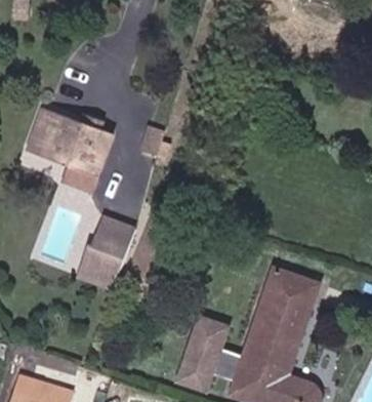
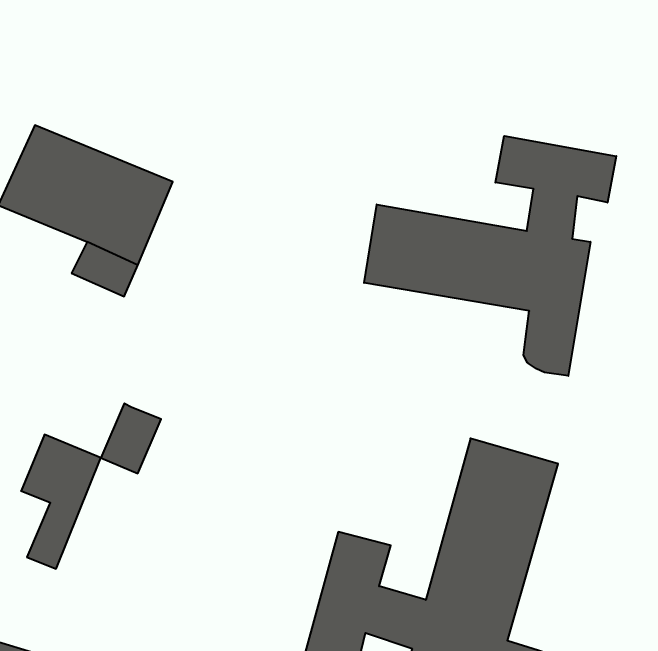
building: none -> [364,136,616,376]
building: [91,225,133,295] -> [21,435,101,569]

